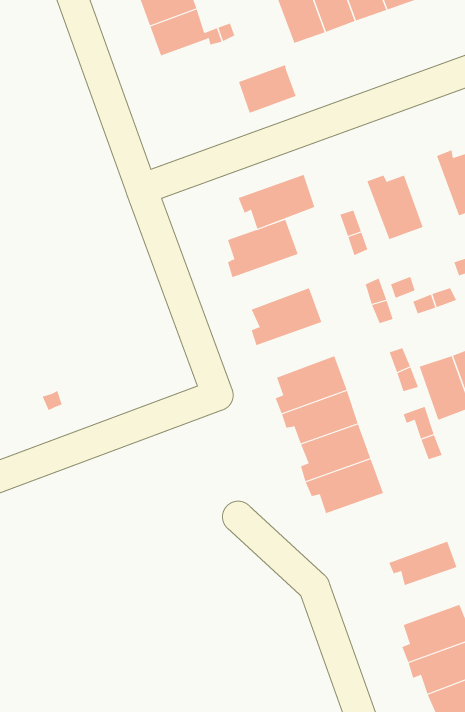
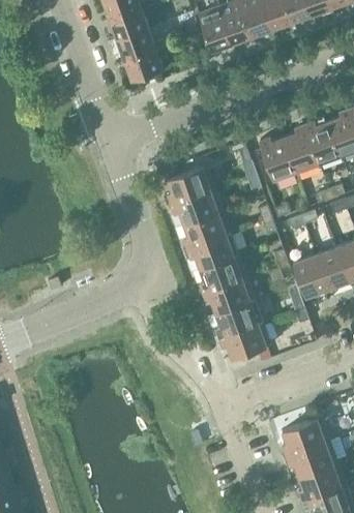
building: [238,65,297,114] -> [123,50,161,82]
building: none -> [283,126,318,173]
building: [238,174,315,229] -> [170,190,220,227]
building: none -> [185,235,237,271]
building: [389,541,457,586] -> none

